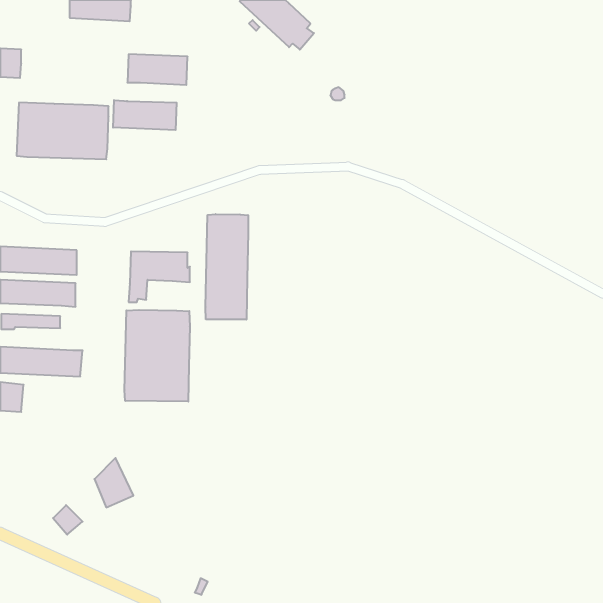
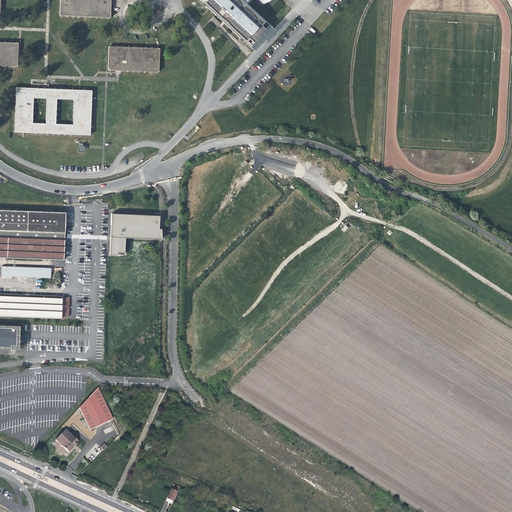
building: [113,100,177,130] -> none
building: [206,214,248,320] -> none
building: [125,310,190,402] -> none

